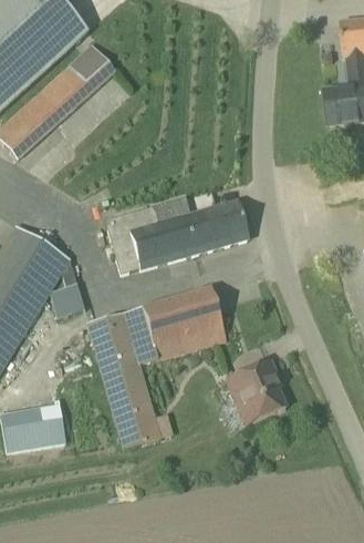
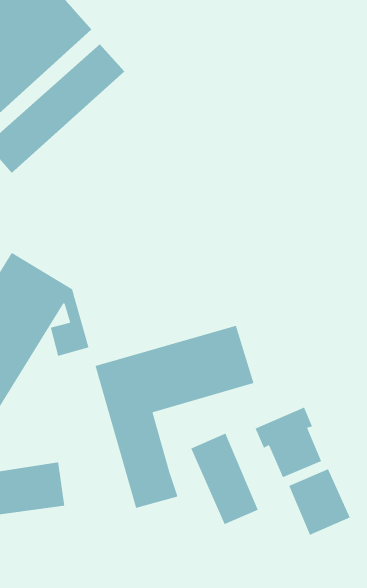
building: [108,197,249,272] -> none
building: none -> [190,433,259,525]
building: none -> [288,468,351,536]

